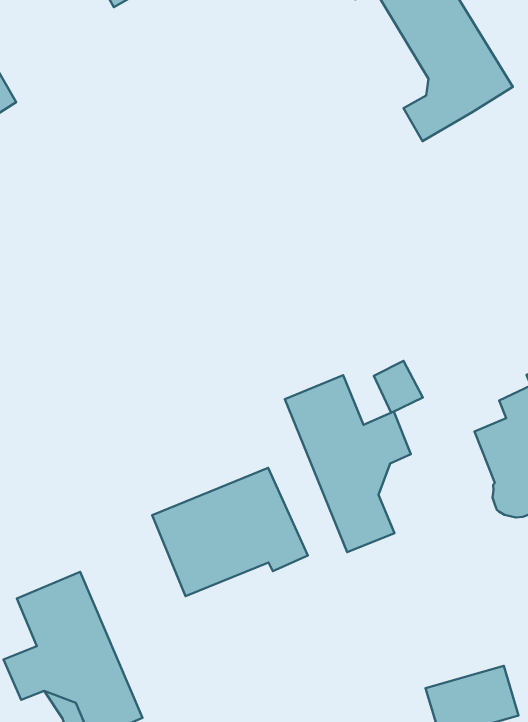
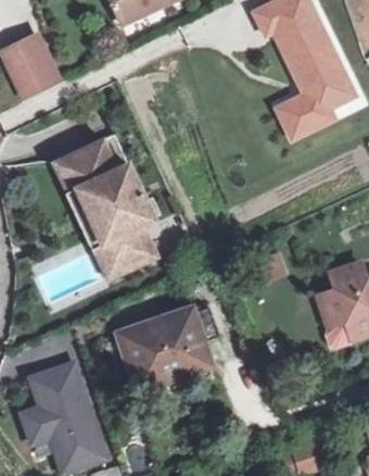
building: none -> [276,101,334,138]
building: none -> [67,140,156,273]
building: [285,375,411,552] -> none

